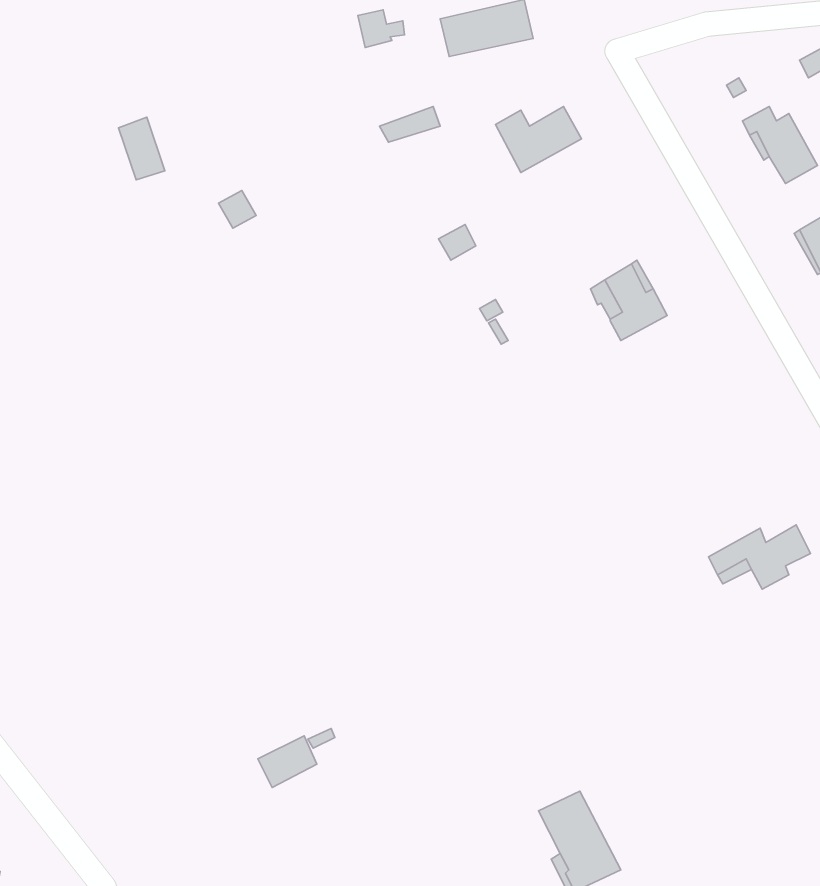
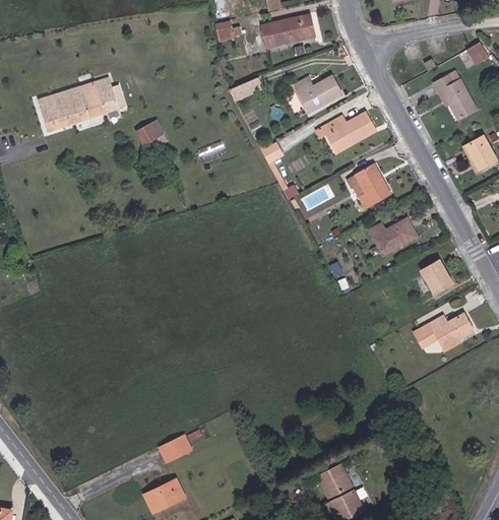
building: none -> [95,77,119,112]
building: none -> [38,87,88,130]
building: none -> [322,112,374,152]
building: none -> [369,217,417,255]
building: none -> [420,258,453,295]
building: none -> [143,478,185,512]

